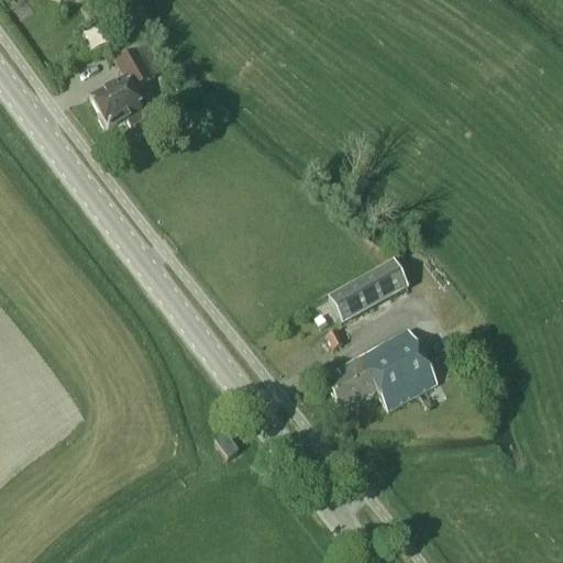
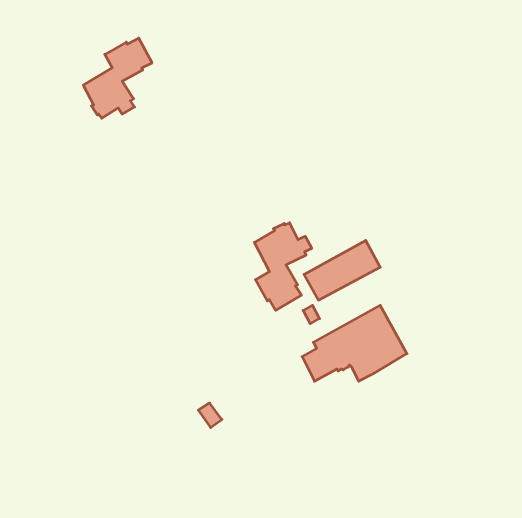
building: none -> [254,223,312,310]

